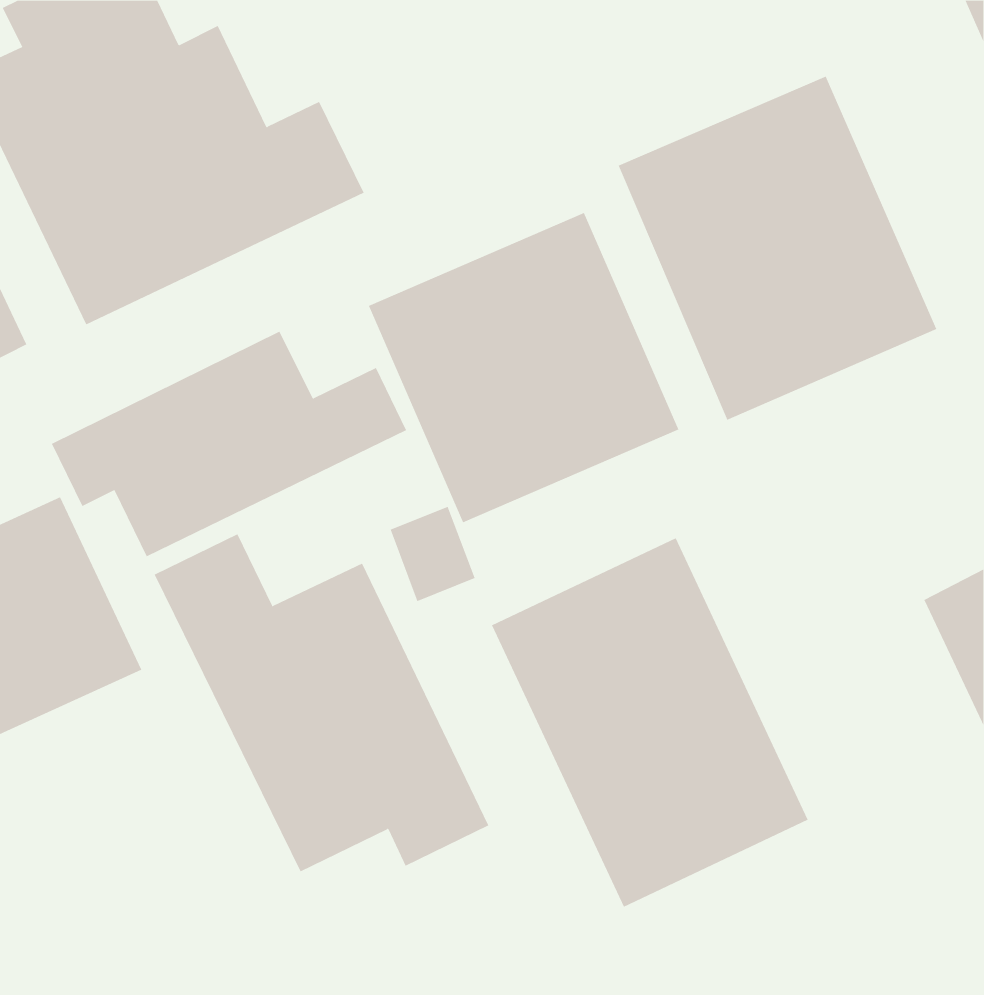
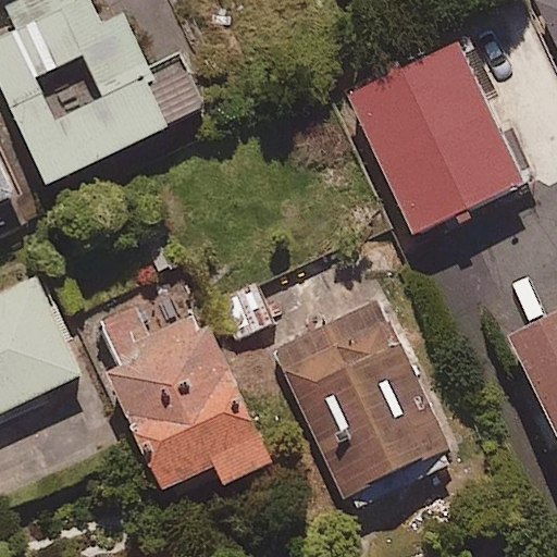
building: [368,212,679,523] -> none
building: [51,331,407,557] -> none

